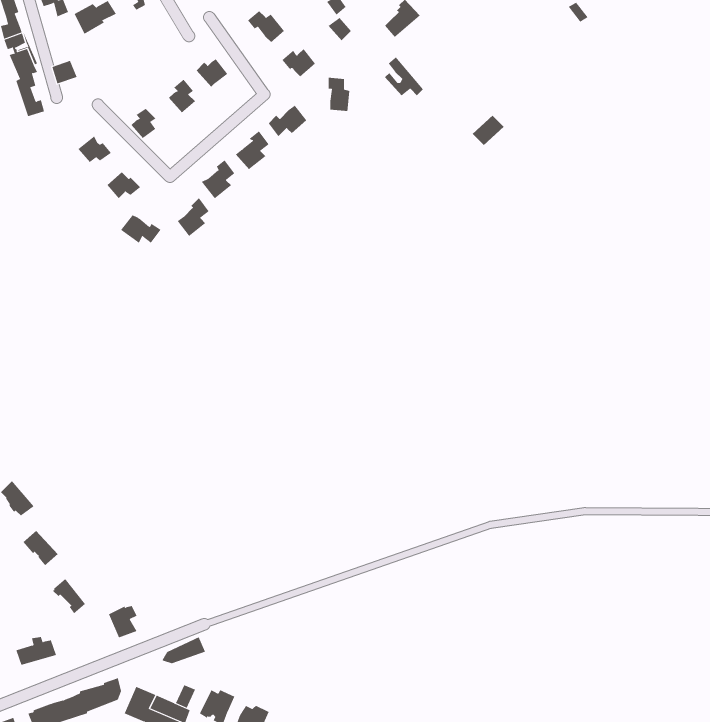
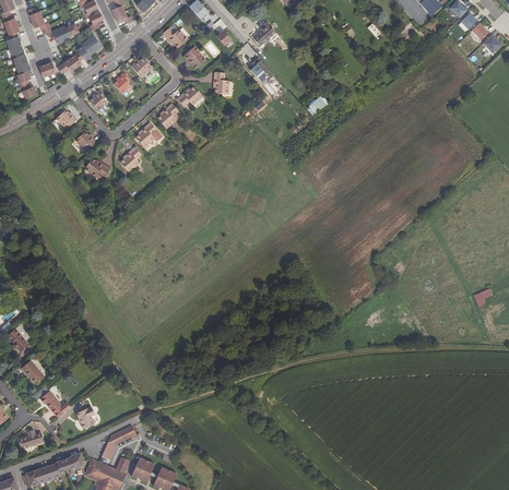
building: none -> [56,34,102,73]

